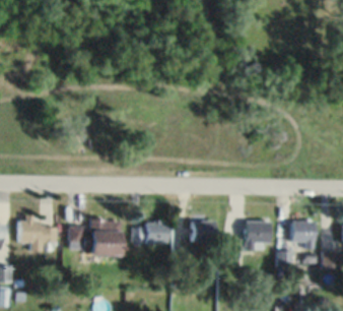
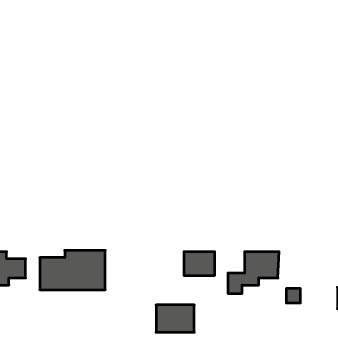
building: [290,221,316,249] -> none
building: [137,222,169,245] -> [156,305,194,332]

